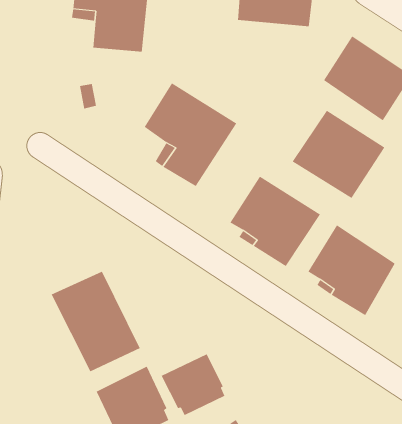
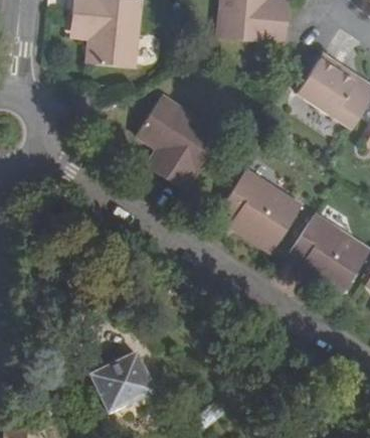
building: [292,110,385,199] -> none
building: [51,271,140,372] -> none
building: [161,354,225,416] -> none

